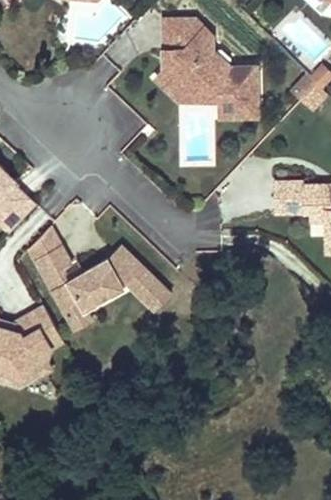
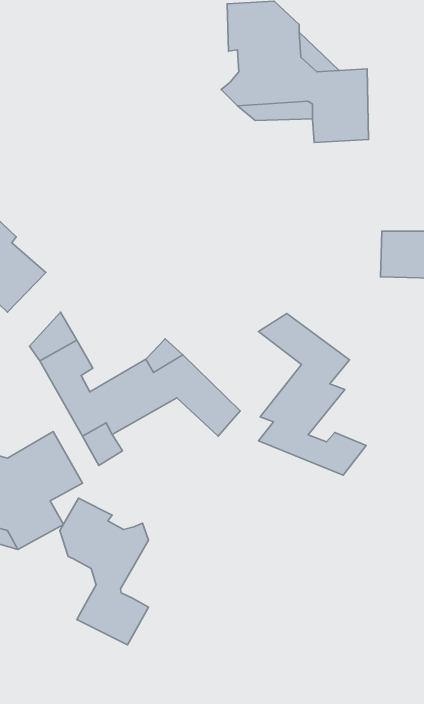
building: none -> [259,314,366,475]
building: none -> [60,498,148,645]

